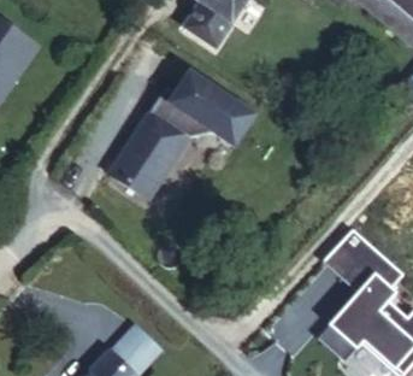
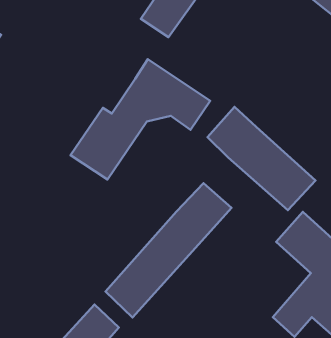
building: none -> [208,107,316,210]
building: none -> [106,183,232,317]

